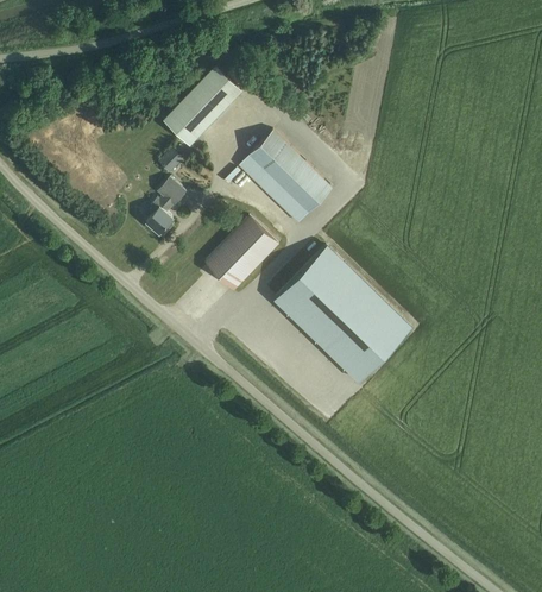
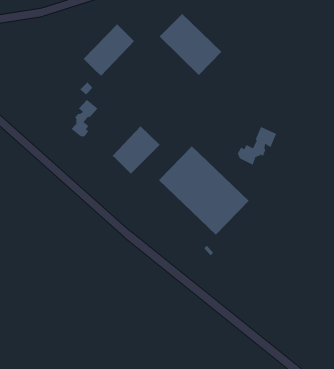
building: [238,131,332,223] -> [159,13,222,76]
building: none -> [237,126,277,165]

